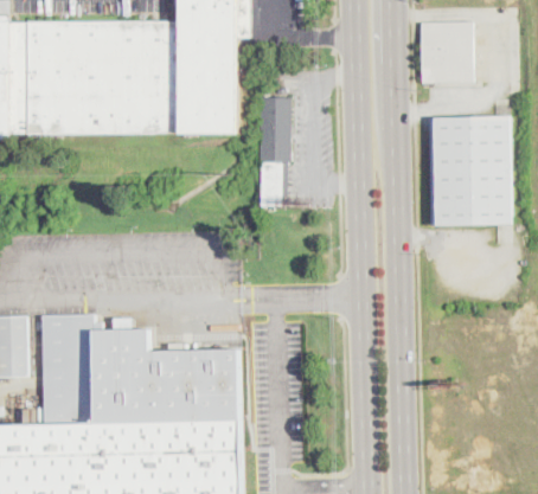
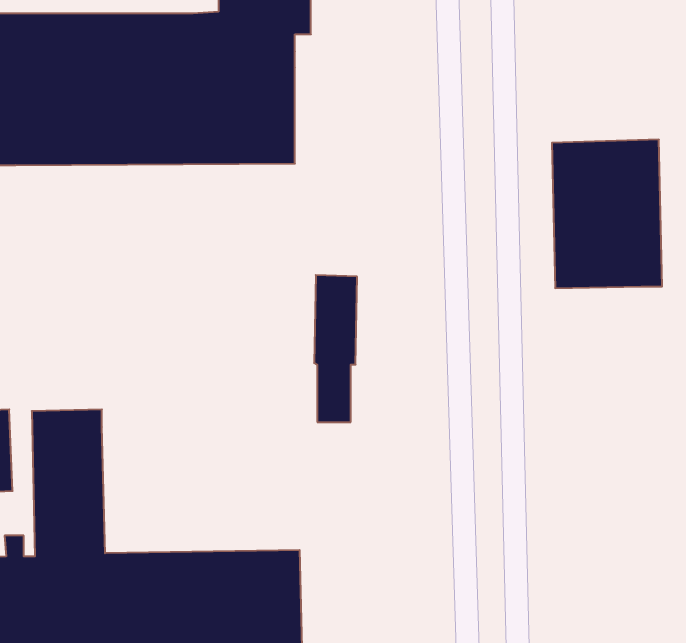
building: [421,23,472,84] -> none
building: [258,97,290,206] -> [314,275,357,422]
building: [94,327,241,423] -> none

